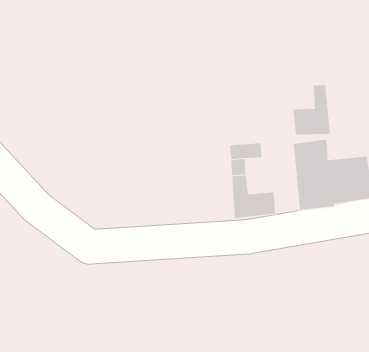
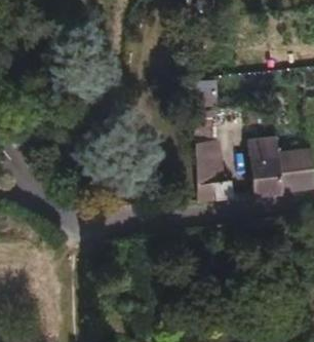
building: [293,84,331,135] -> none

